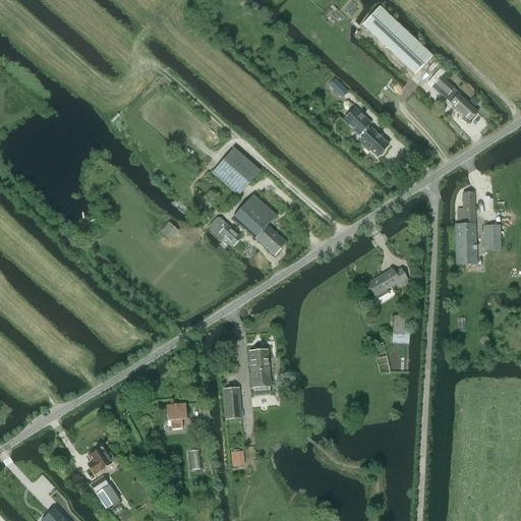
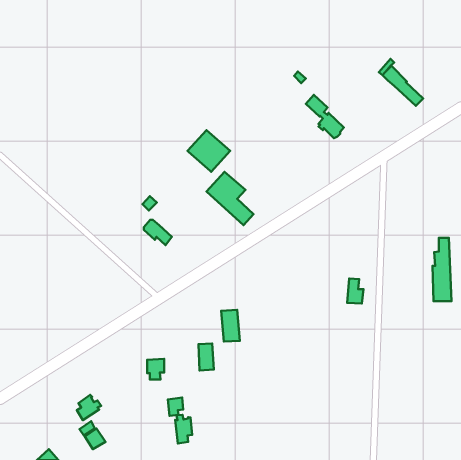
building: [362,5,432,73] -> none
building: [455,191,476,263] -> [433,238,451,301]
building: [210,216,241,244] -> [144,220,172,245]
building: [484,223,501,248] -> none
building: [368,267,408,297] -> none
building: none -> [175,415,192,443]

